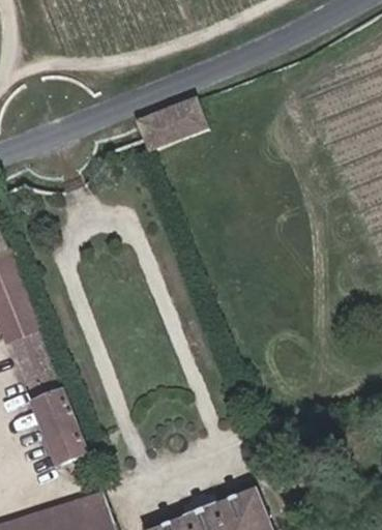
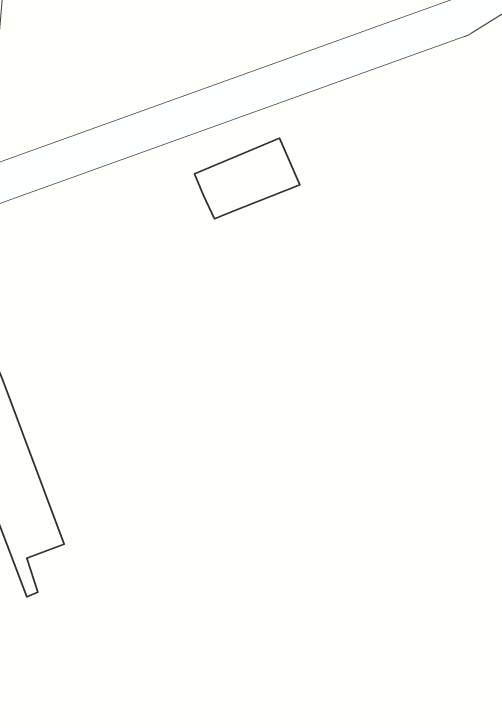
building: [31,375,90,475] -> none

